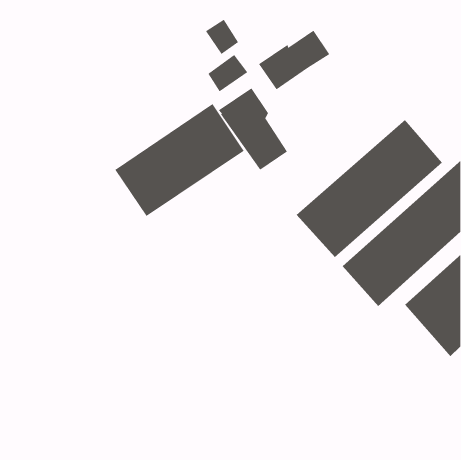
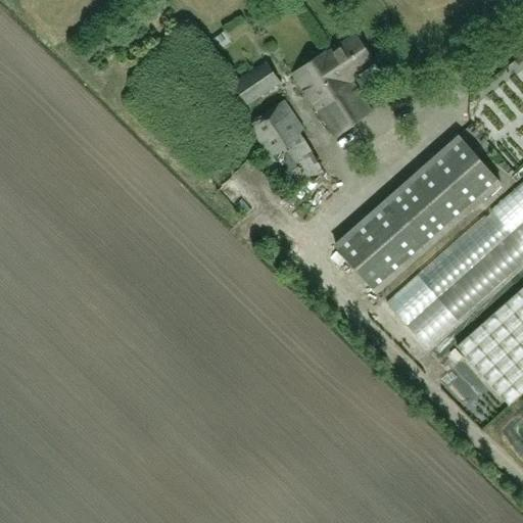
building: [205,19,239,55] -> none
building: none -> [313,78,371,135]
building: [114,103,245,217] -> none

